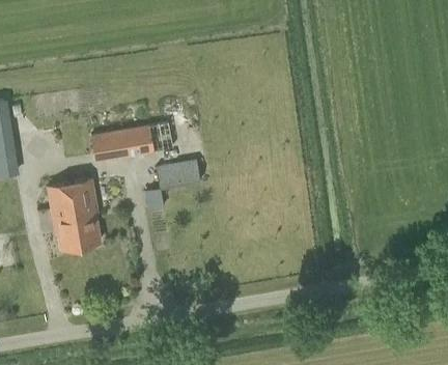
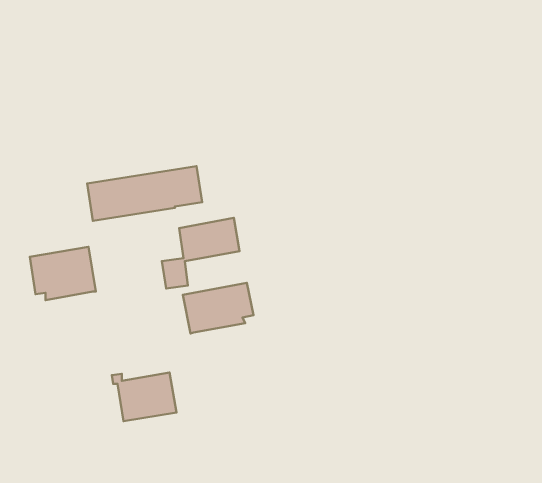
building: none -> [183,283,253,333]
building: [53,213,100,248] -> [112,372,177,421]

